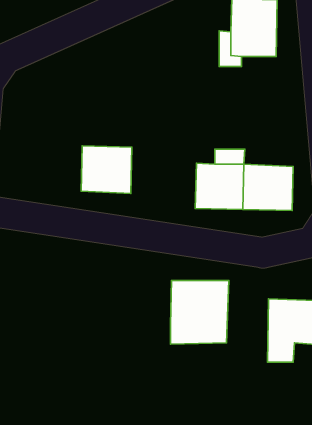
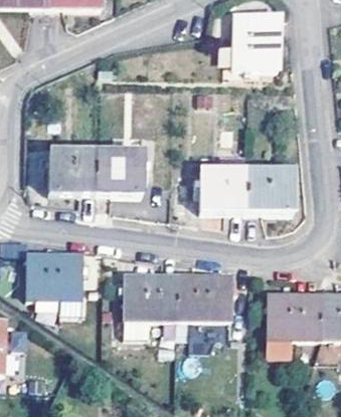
building: none -> [48,149,96,192]
building: none -> [27,253,81,311]
building: none -> [126,273,179,334]

